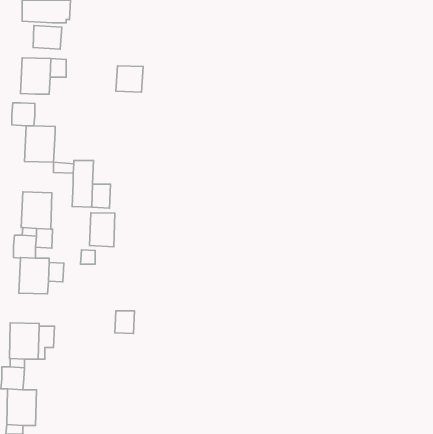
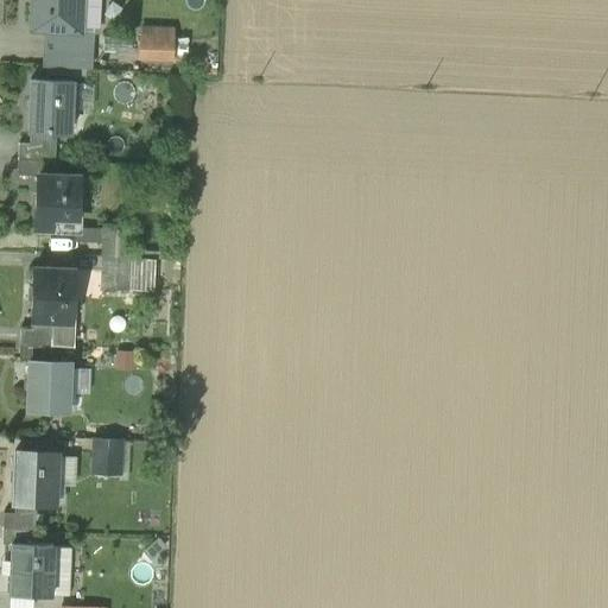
building: [116,66,143,92] -> [138,25,176,62]
building: [90,213,115,247] -> none
building: [115,311,134,334] -> [94,441,121,473]
building: none -> [51,545,71,596]

